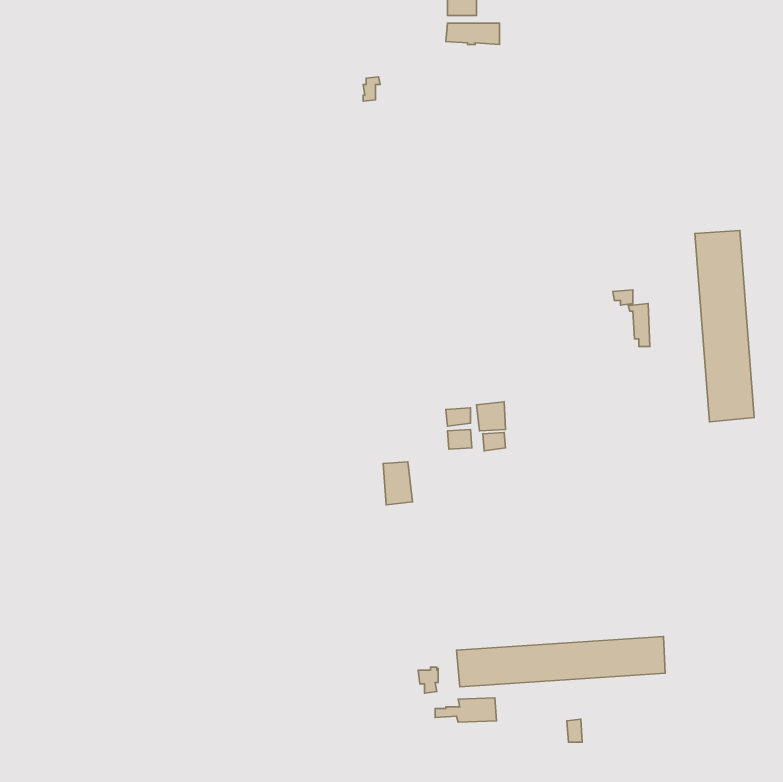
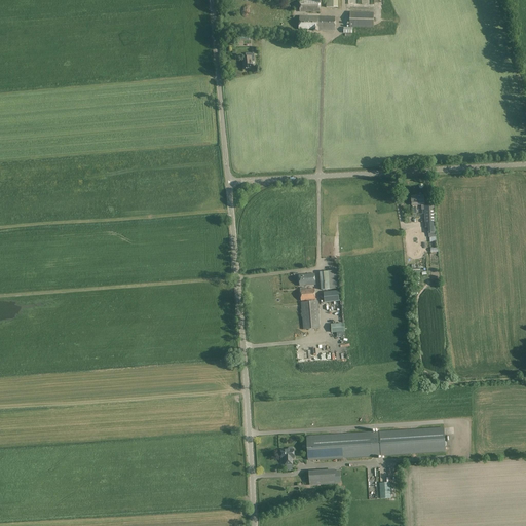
building: none -> [344,10,374,32]
building: [695,230,754,422] -> none
building: [383,462,412,505] -> [301,300,321,329]

